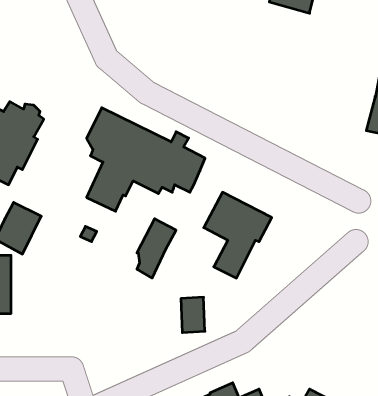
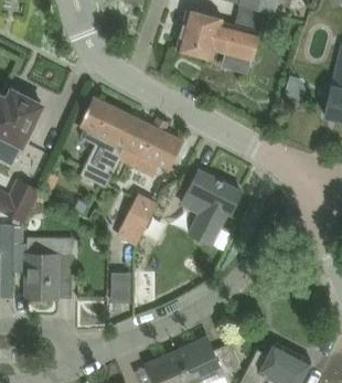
building: none -> [175,10,258,62]
building: none -> [12,244,73,299]
building: [181,297,205,333] -> [109,270,130,301]

